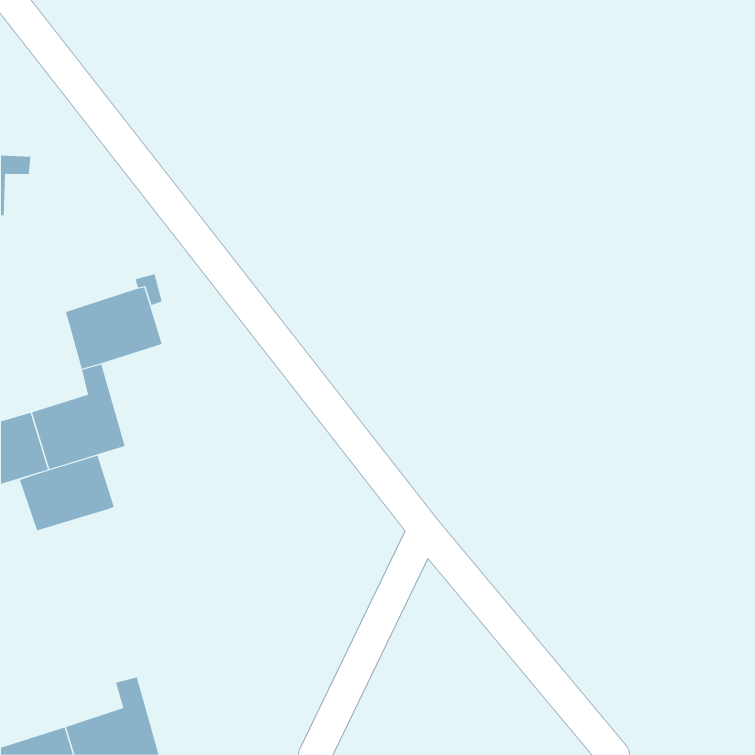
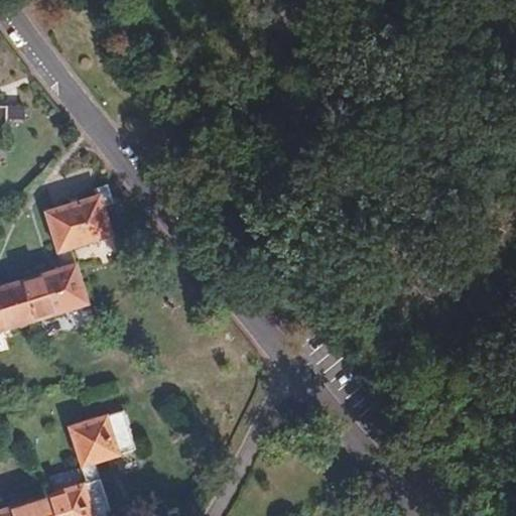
building: [19,455,114,531] -> none
building: none -> [68,410,133,466]

